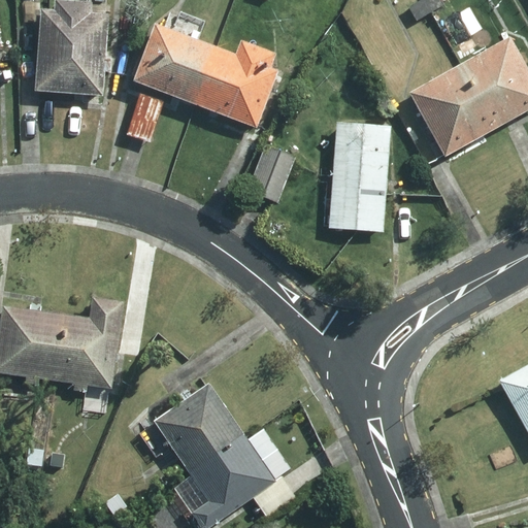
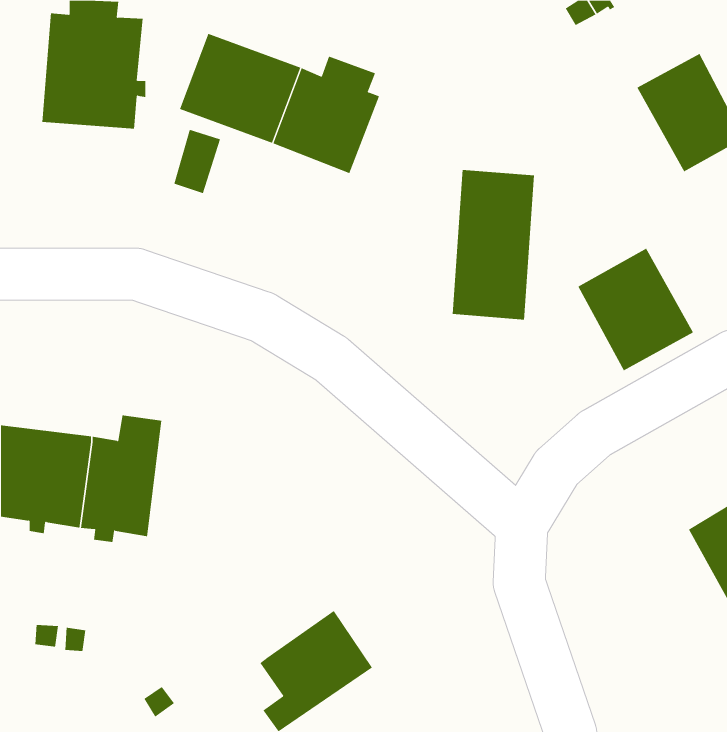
building: [412,64,496,153] -> [578,248,694,371]
building: [250,146,295,203] -> none
building: [153,385,244,477] -> none

